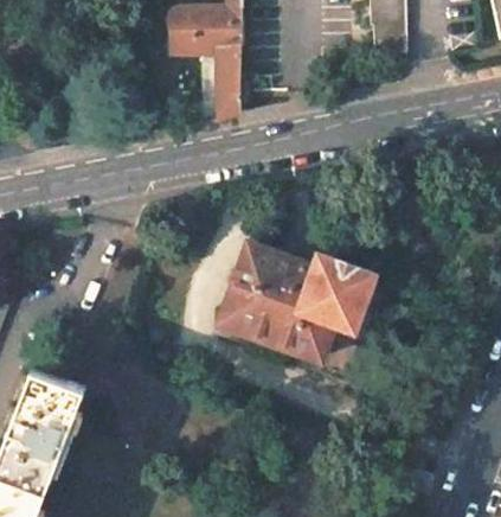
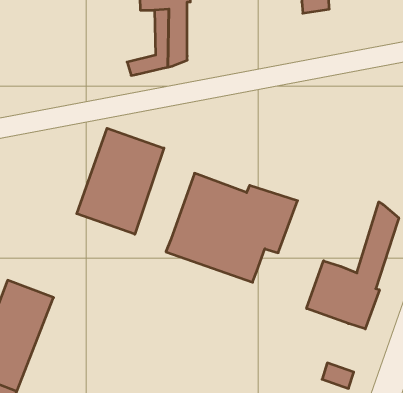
building: none -> [77,128,164,234]
building: none -> [307,202,399,329]

